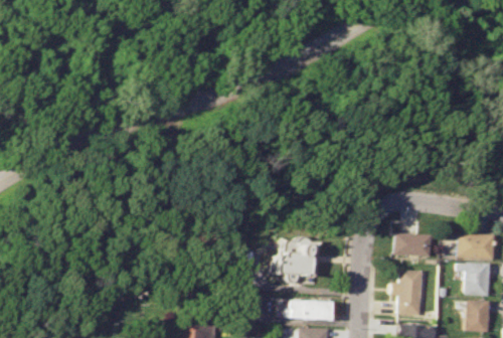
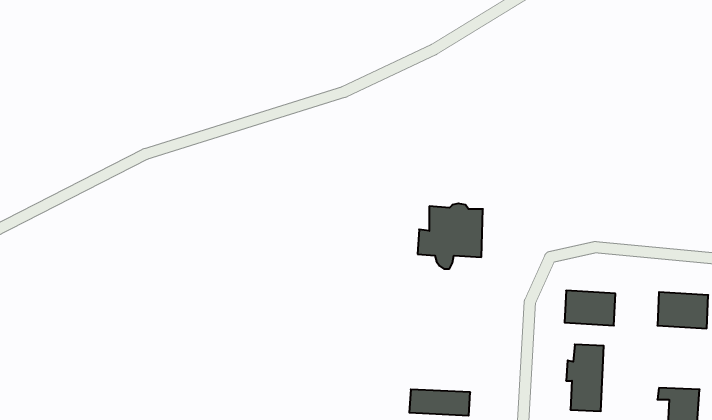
building: [273,236,318,282] -> [418,203,483,269]
building: [460,263,489,297] -> none

